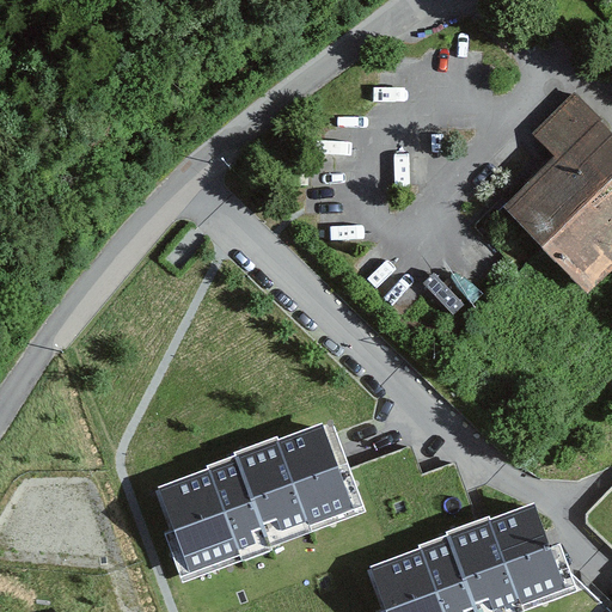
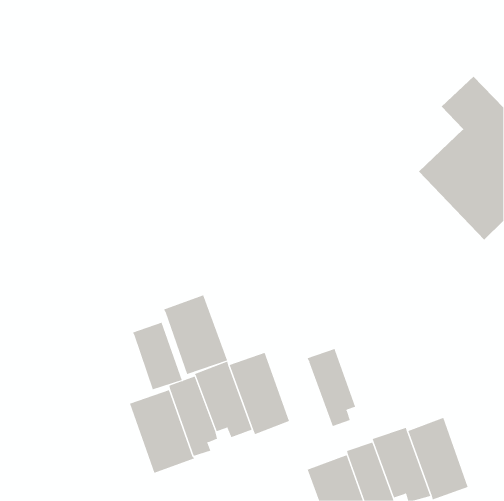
building: none -> [163,294,228,375]
building: none -> [132,322,182,390]
building: none -> [307,348,356,427]

